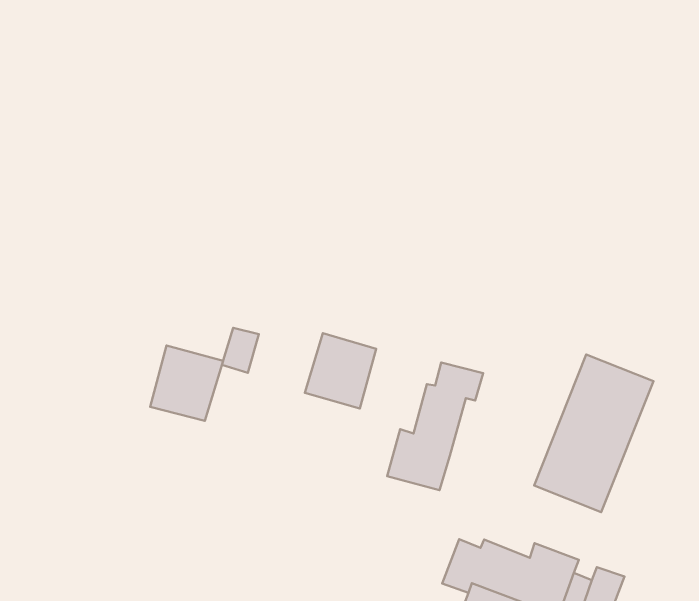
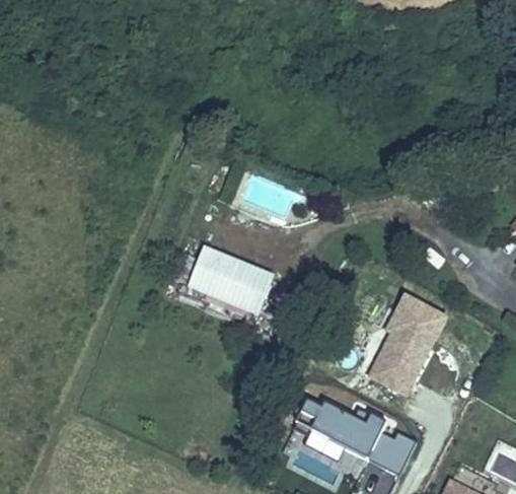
building: [150,346,223,421] -> [188,245,238,297]
building: [387,363,483,490] -> none

